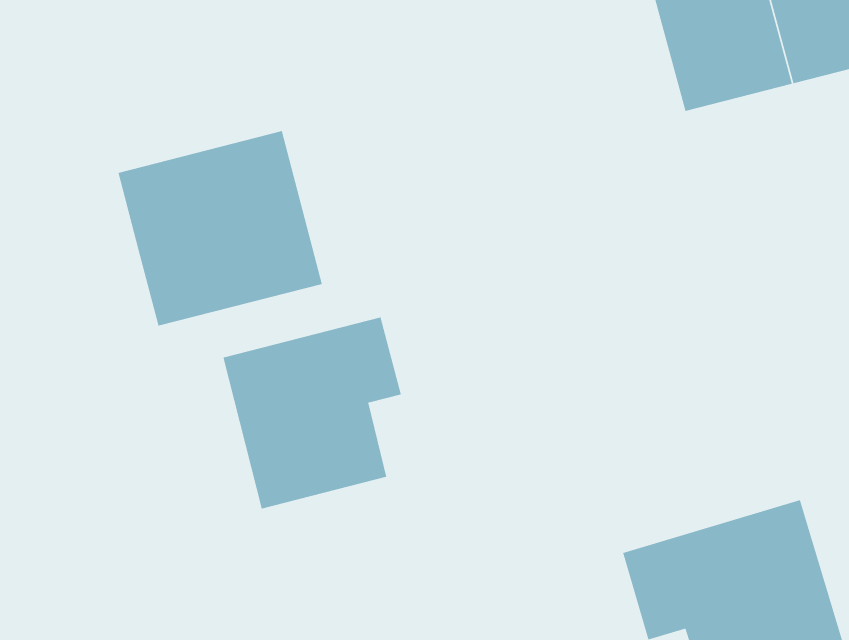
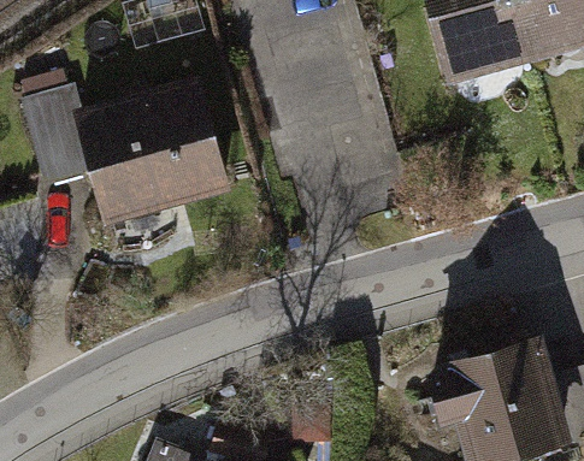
building: none -> [28,89,100,182]
building: [222,316,402,509] -> none

